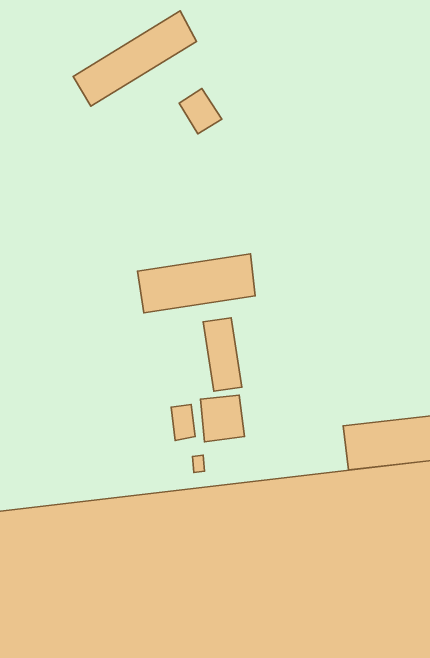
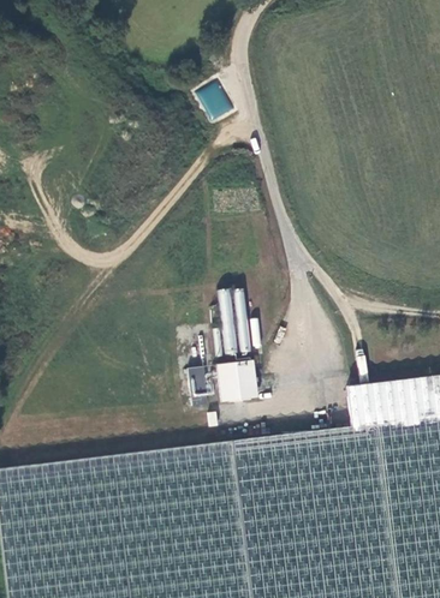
building: [73,11,197,106] -> none
building: [138,254,255,313] -> none

